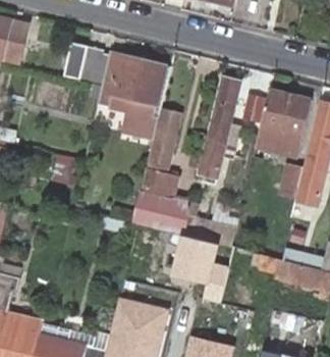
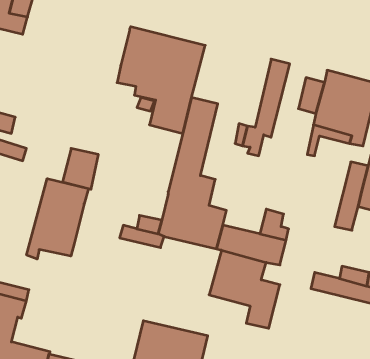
building: [63,46,107,85] -> none
building: none -> [27,179,89,259]

